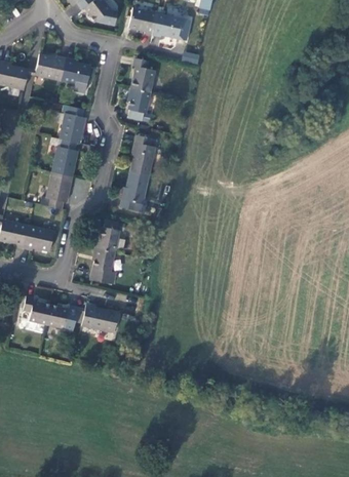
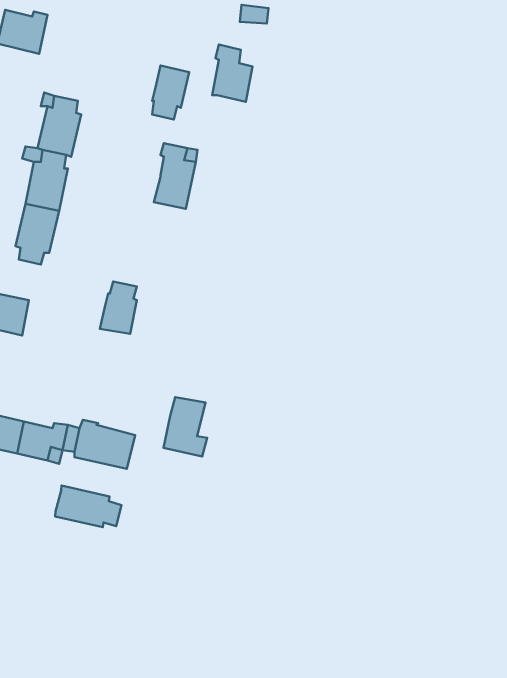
building: [60,57,90,92] -> none
building: [130,57,155,92] -> [212,45,253,102]
building: [119,171,149,212] -> none
building: [89,248,116,284] -> [163,397,207,456]
building: none -> [55,486,122,527]

